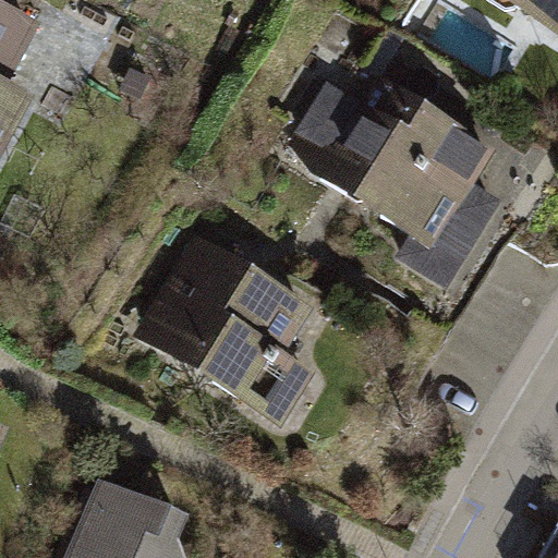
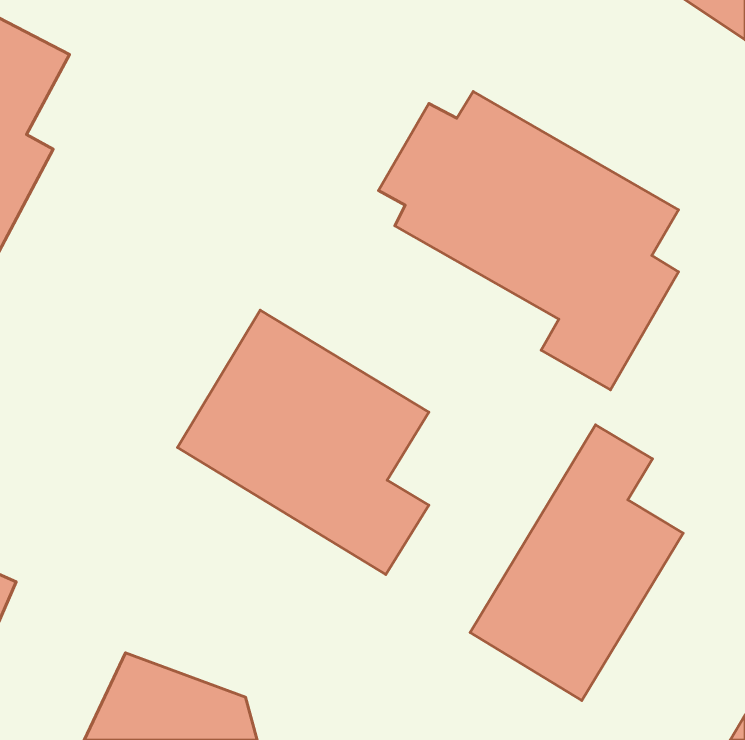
building: none -> [470,425,683,701]

